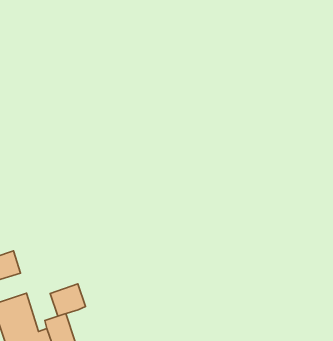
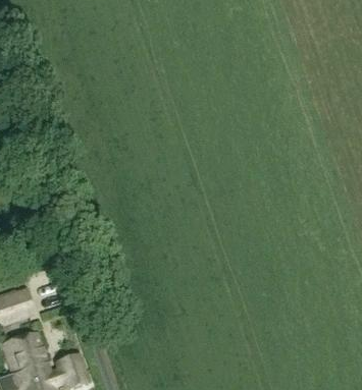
building: [50,284,86,316] -> none

